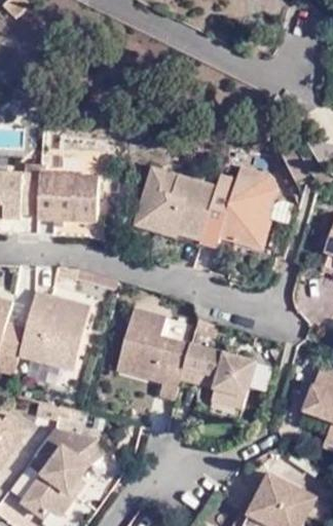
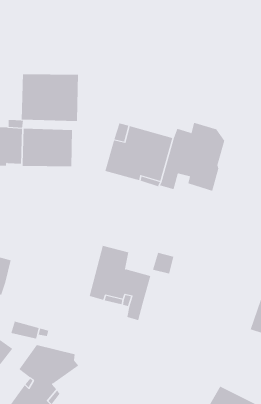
building: none -> [21,74,79,122]
building: [20,290,88,367] -> none
building: [180,343,255,408] -> none

